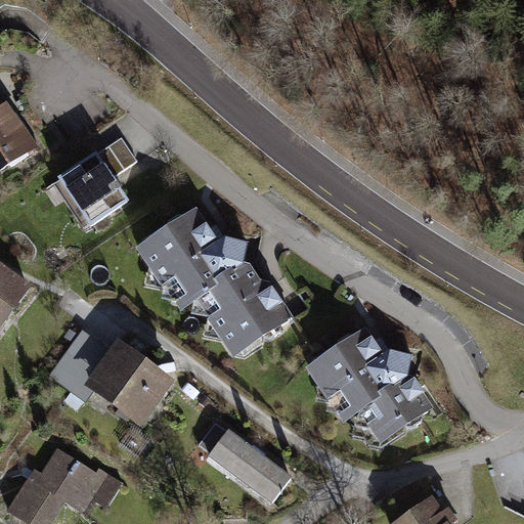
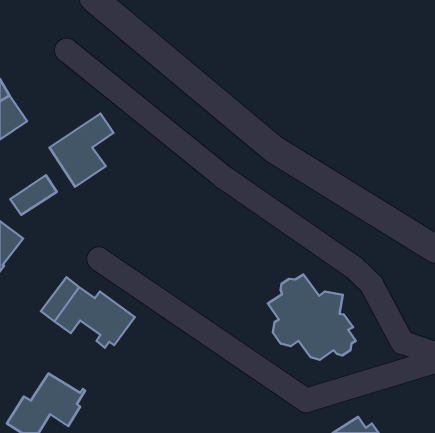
building: [152,210,292,342] -> none
building: none -> [10,175,57,215]
building: [198,422,291,501] -> none

